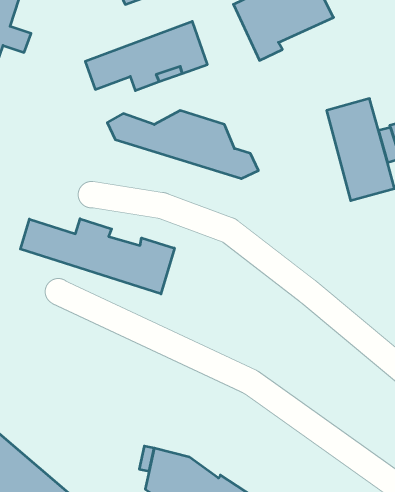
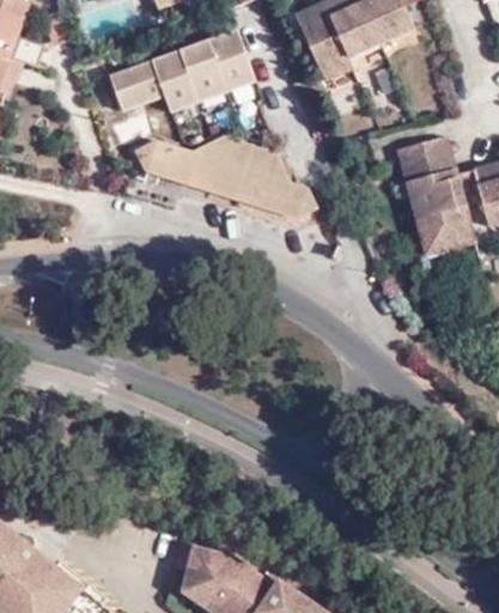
building: [20,219,174,294] -> none

